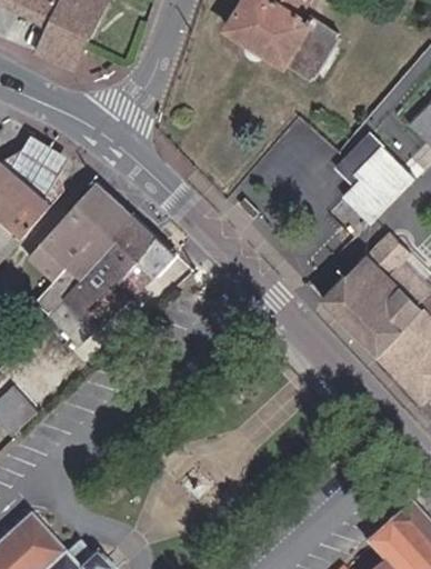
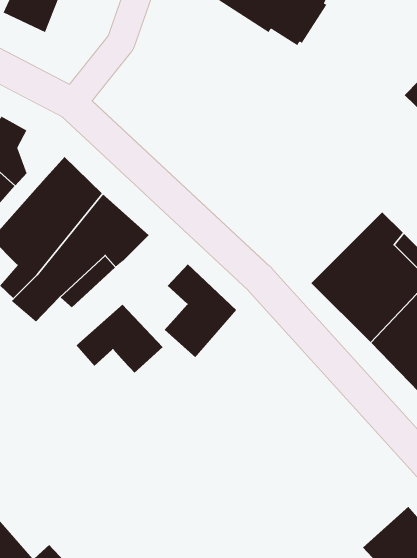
building: [339,134,414,222] -> none
building: none -> [164,264,237,358]
building: none -> [76,304,163,374]

